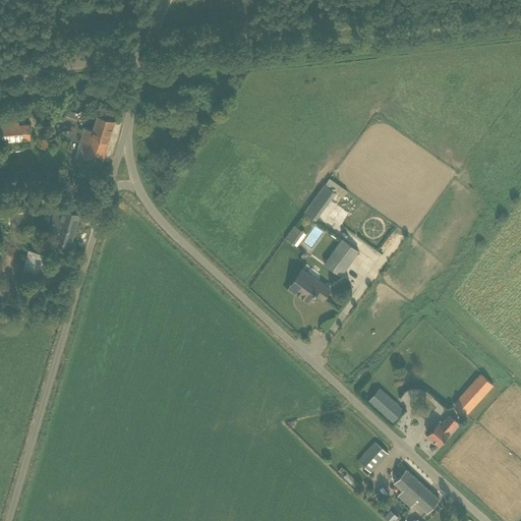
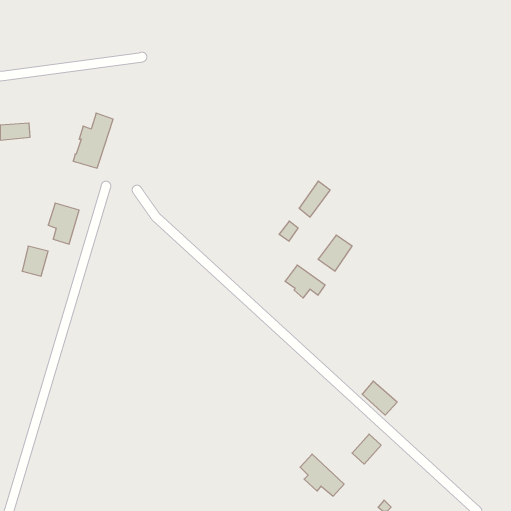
building: [453,373,493,415] -> none
building: [427,414,459,445] -> none
building: [394,469,439,512] -> [300,454,344,496]

